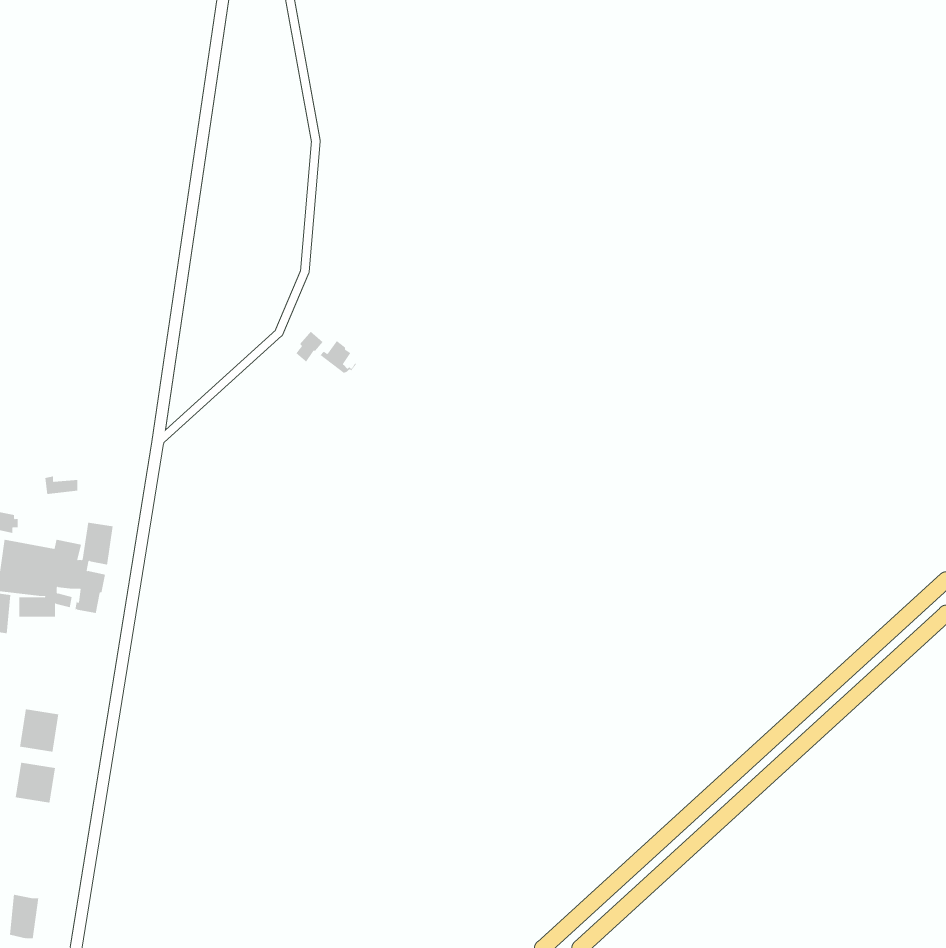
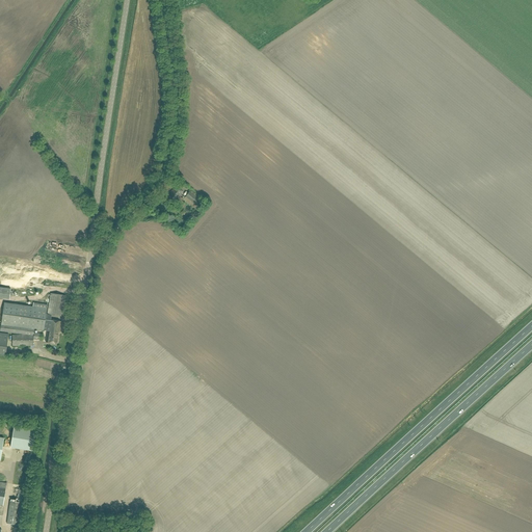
building: [19,708,59,752] -> none

